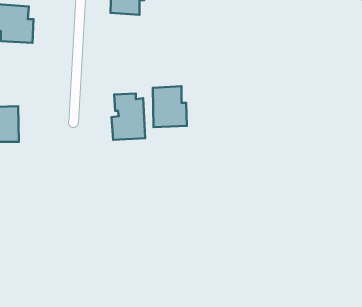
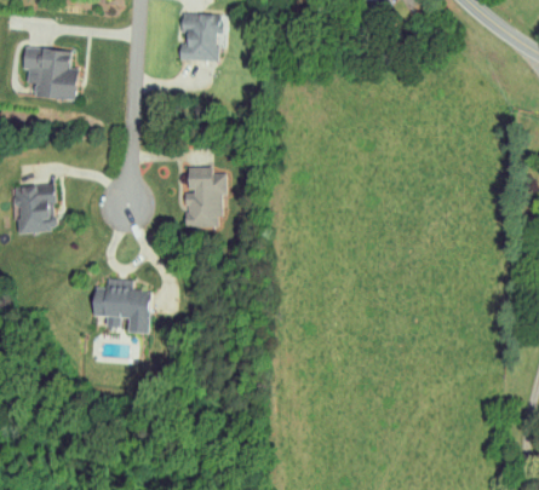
building: [153,86,187,127] -> none
building: none -> [91,278,151,334]

